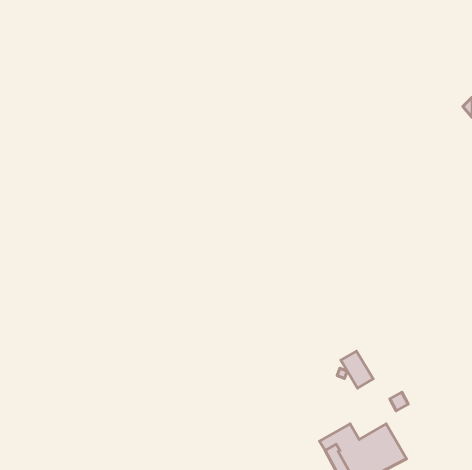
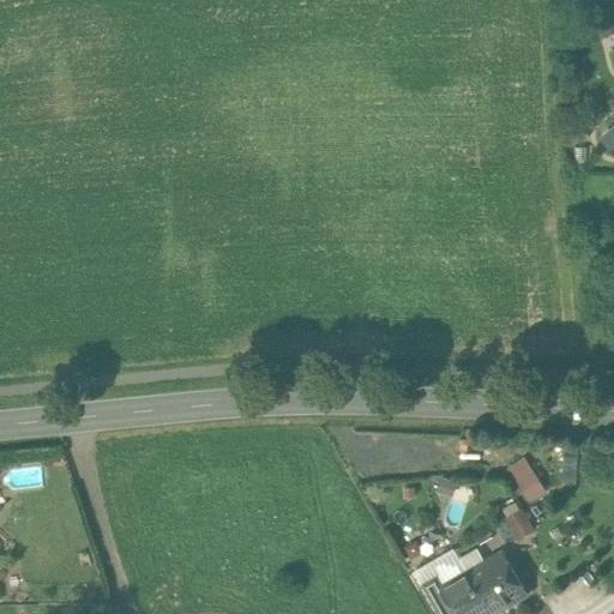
building: [341,351,373,388] -> [506,456,548,504]

